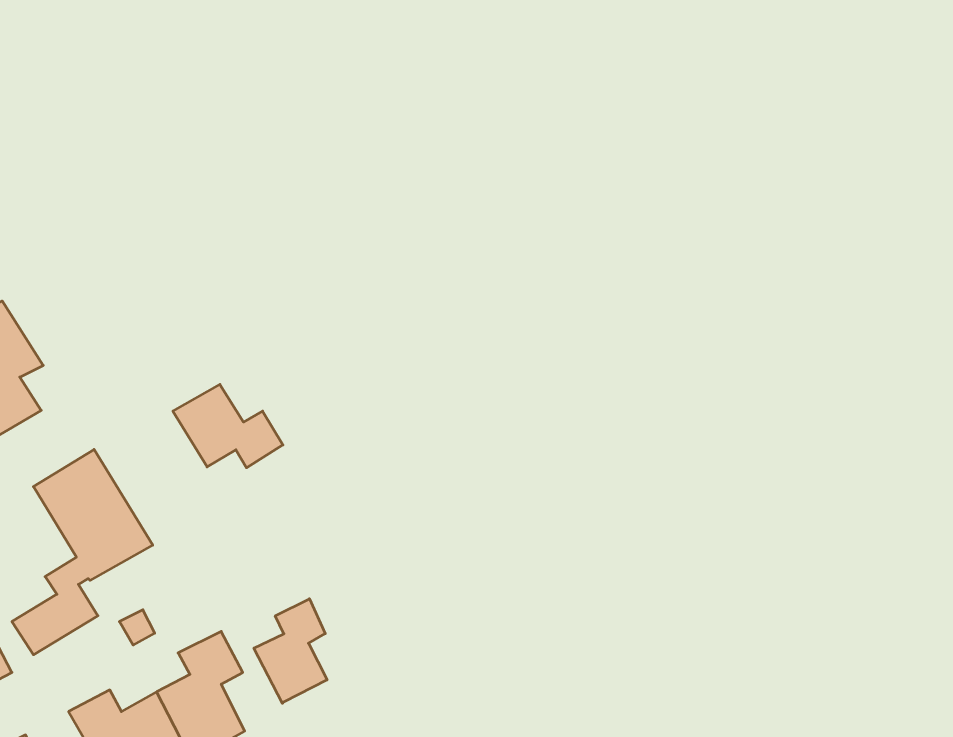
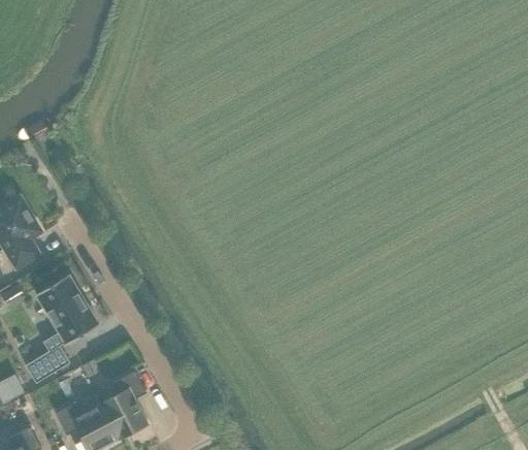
building: [173,384,283,468] -> none
building: [254,599,327,703] -> none

